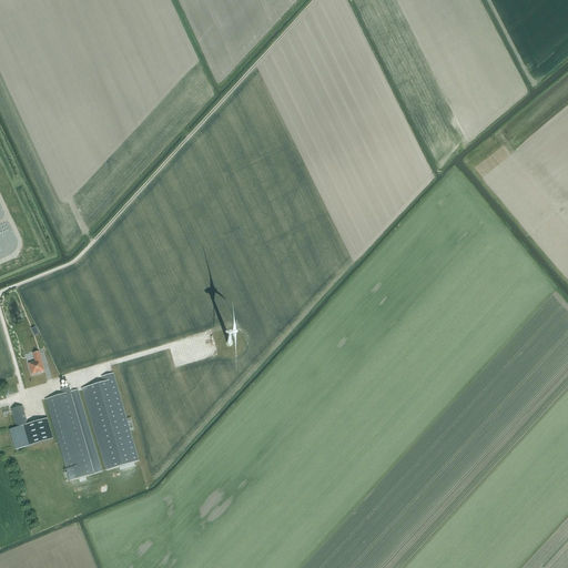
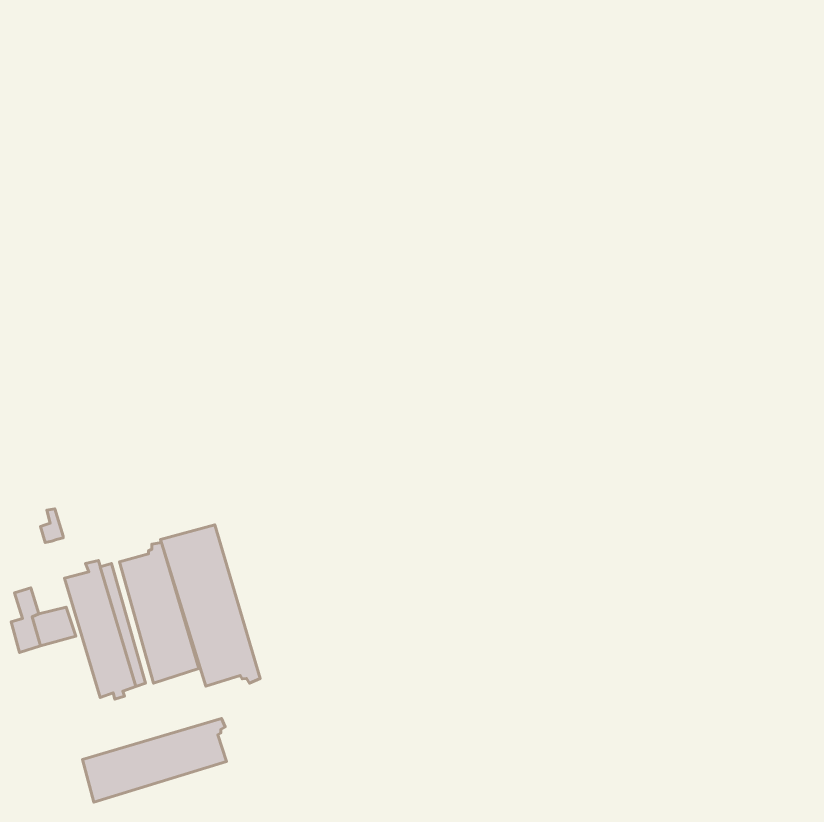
building: none -> [161,525,260,686]
building: none -> [82,719,226,802]

